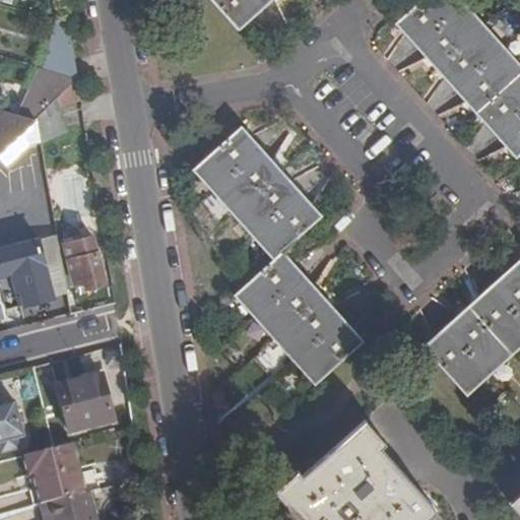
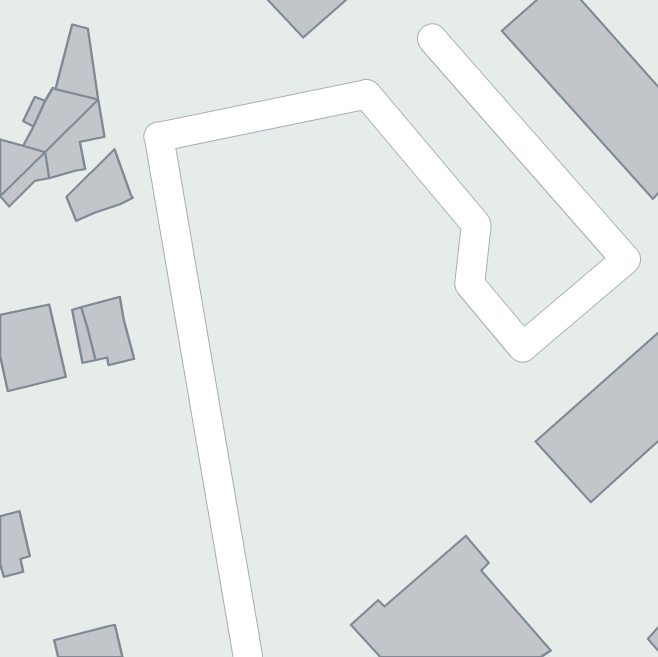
building: none -> [67,149,133,221]
building: [195,128,362,383] -> none
building: [61,376,114,432] -> none
building: [25,443,86,504] -> none

